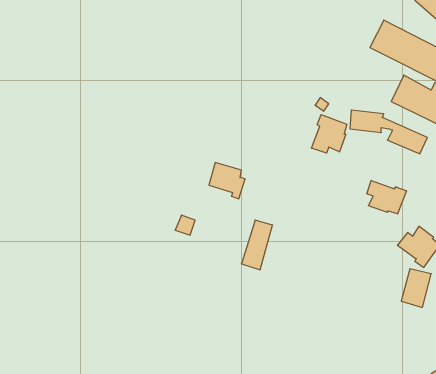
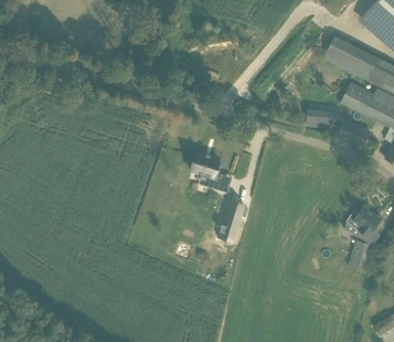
building: [312,115,347,153] -> none
building: [367,180,406,214] -> none

